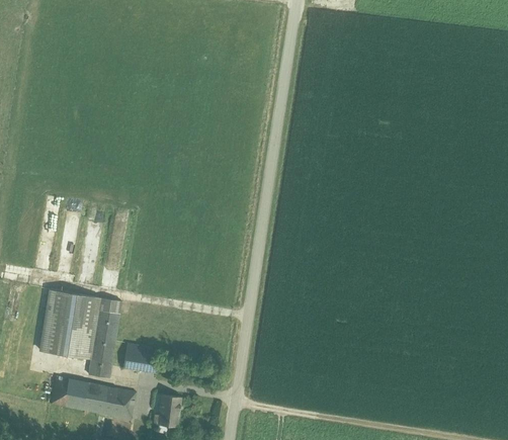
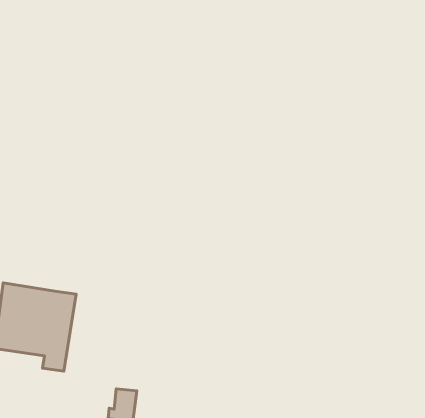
building: [121,350,158,372] -> none
building: [50,375,135,418] -> none

